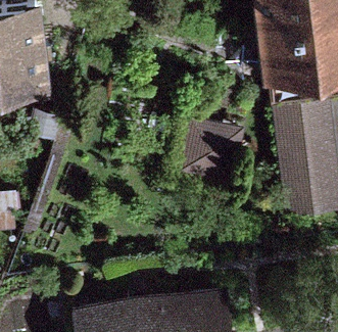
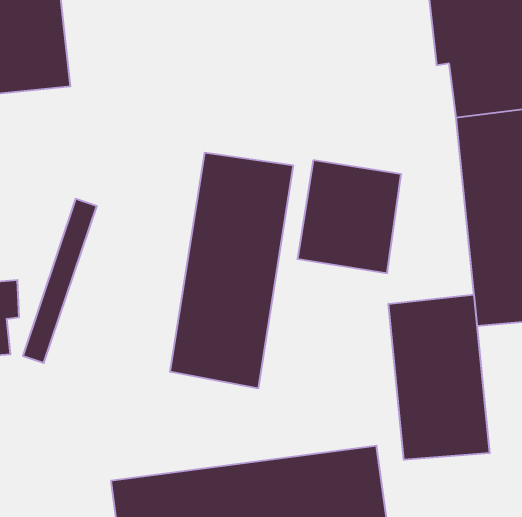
building: none -> [170,153,293,388]
building: none -> [389,294,490,460]

